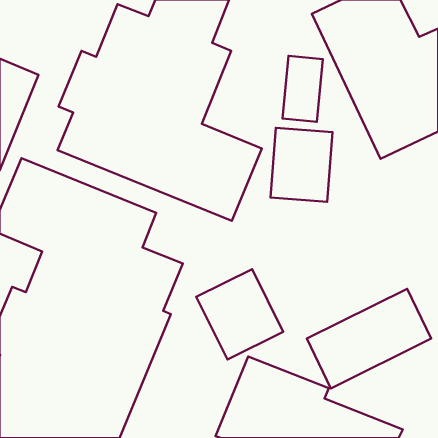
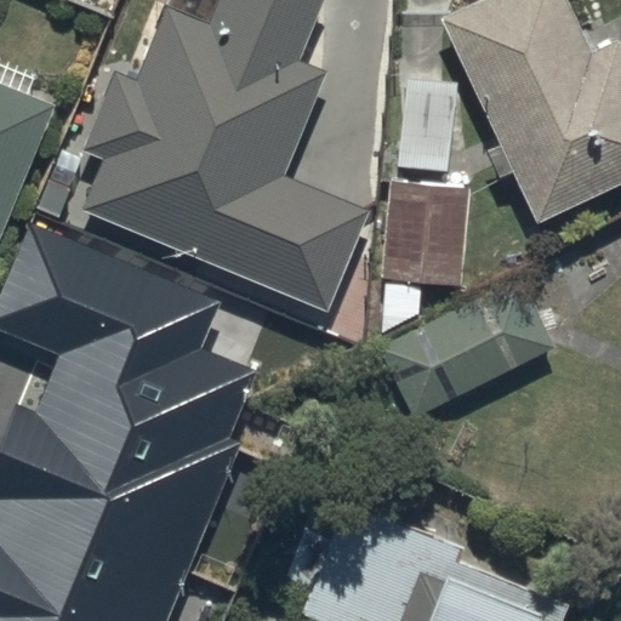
building: [196,269,283,360] -> none
building: [307,289,431,388] -> [380,278,556,418]

